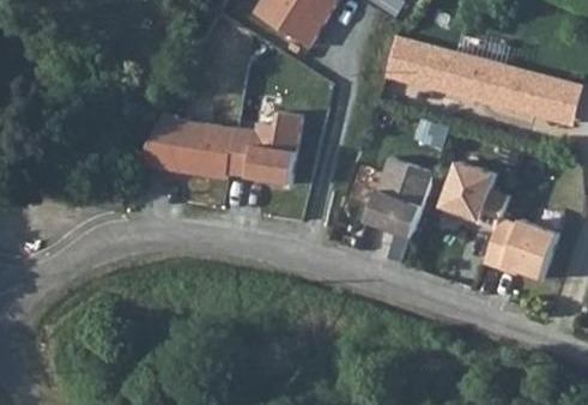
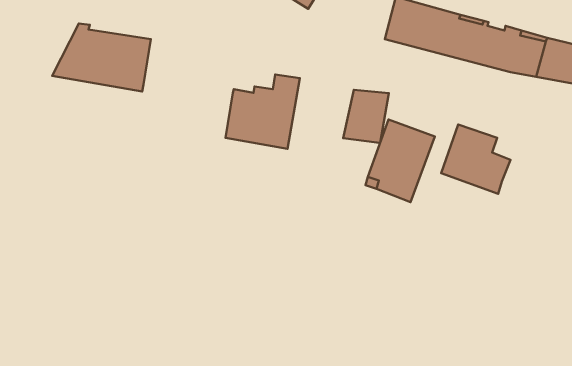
building: [138,114,235,181] -> [52,23,151,92]
building: none -> [343,90,389,143]
building: [483,217,557,278] -> none

